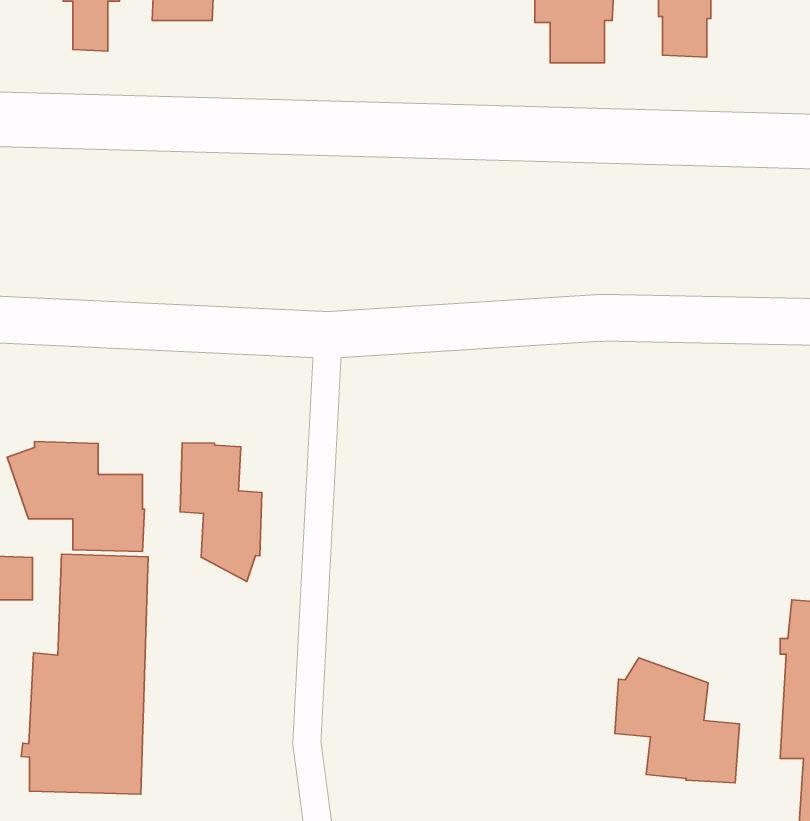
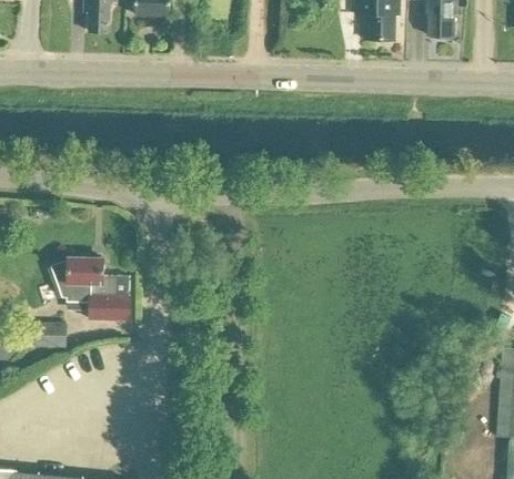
building: [180,443,262,582] -> none
building: [21,554,148,794] -> none
building: [615,658,739,783] -> none

